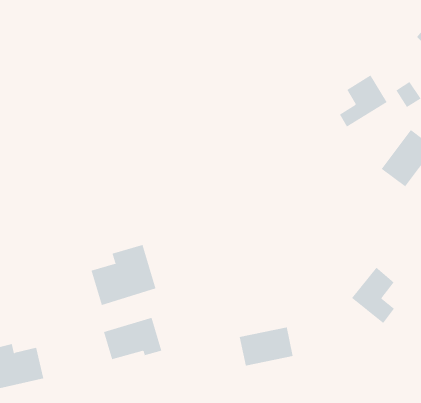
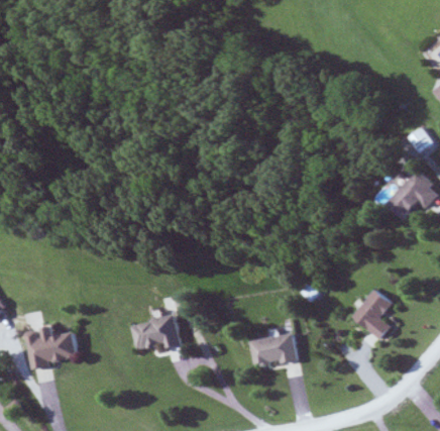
building: [339,74,388,128] -> none
building: [91,244,156,306] -> none

